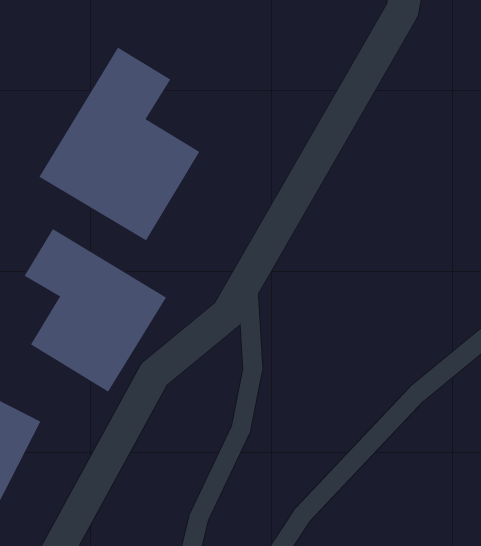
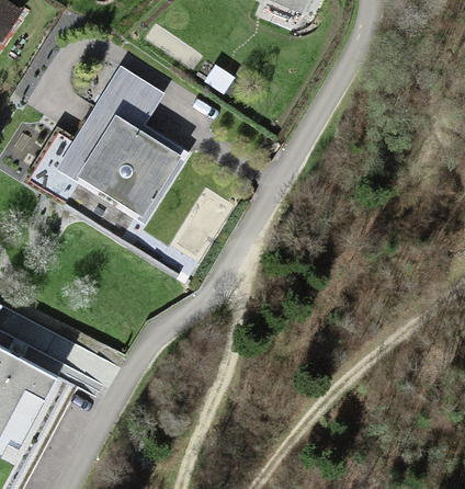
building: [24,228,167,392] -> none

